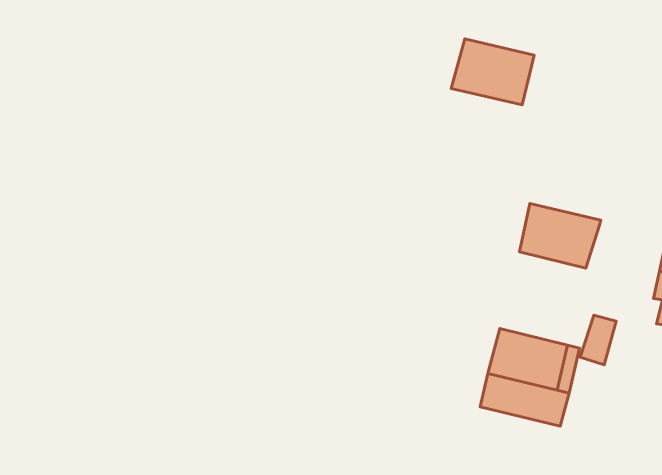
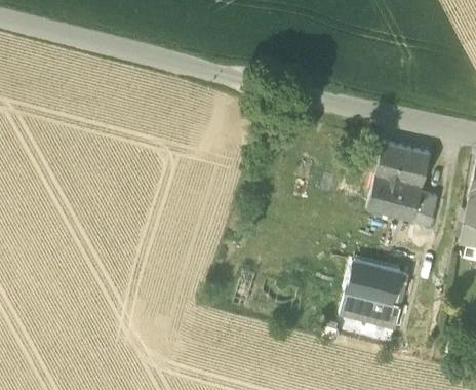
building: [451,39,534,105] -> [374,143,431,188]
building: [580,315,616,365] -> [412,192,437,226]

